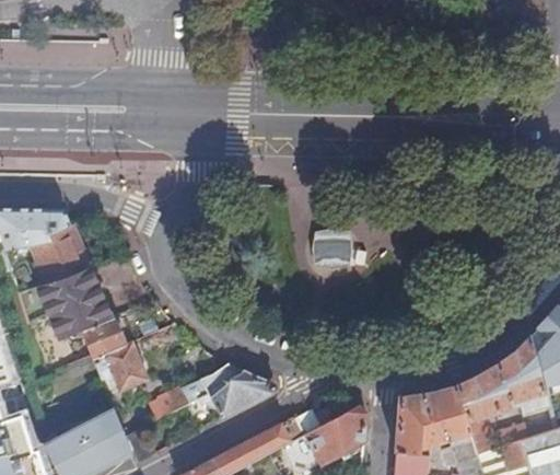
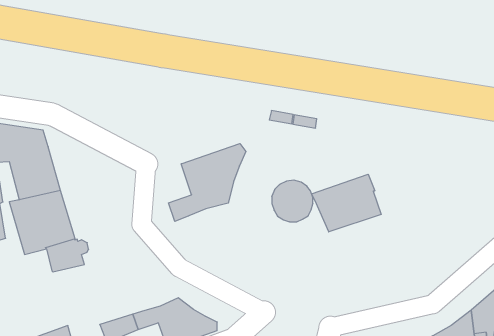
building: none -> [168,144,246,221]
building: none -> [312,174,381,232]
building: [92,339,147,390] -> none

